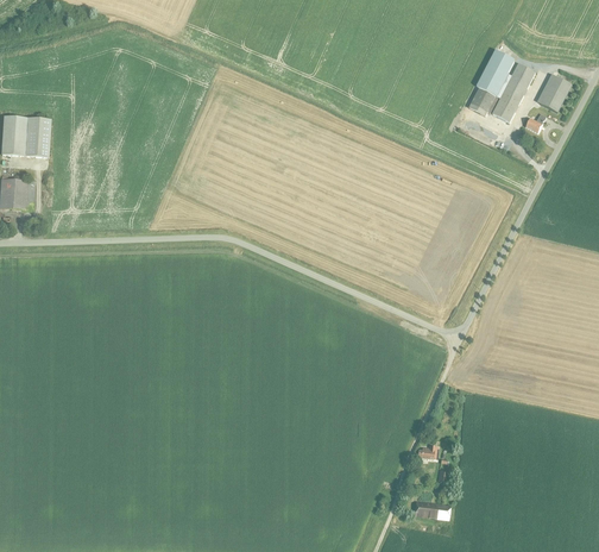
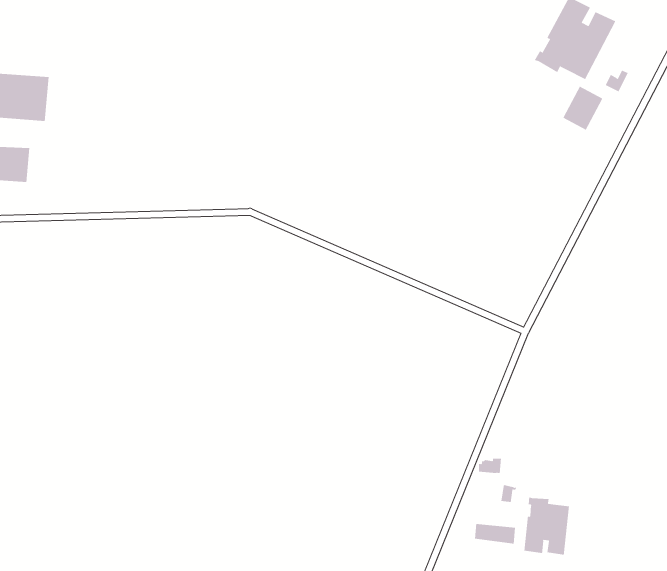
building: [536,74,570,112] -> [563,86,603,130]
building: none -> [524,497,570,555]

